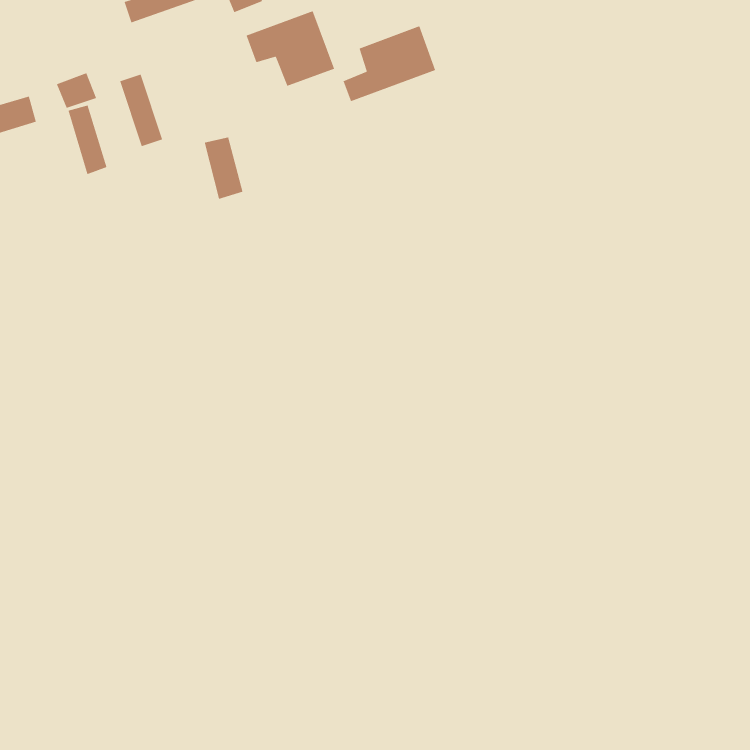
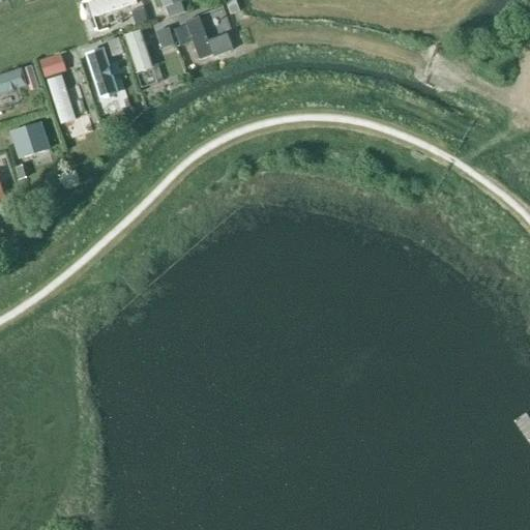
building: [342,25,436,102] -> none
building: [204,136,244,200] -> [125,29,153,73]
building: none -> [10,120,51,159]

